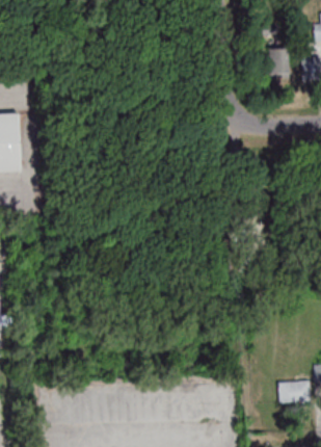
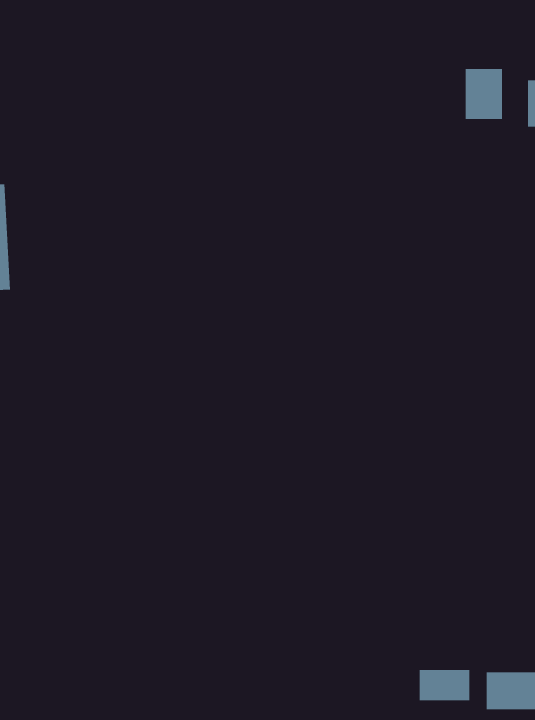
building: none -> [419,669,470,701]

